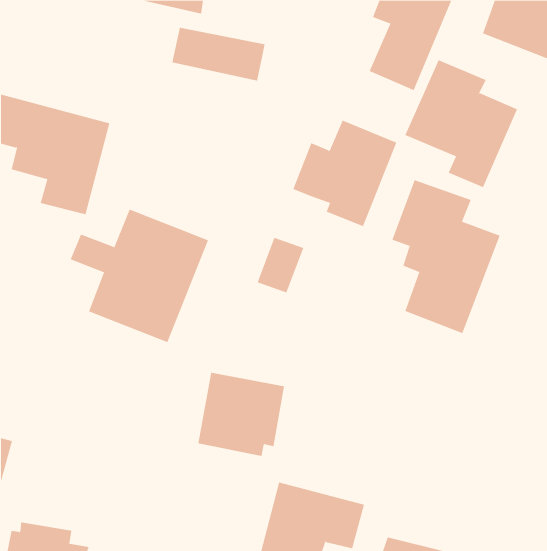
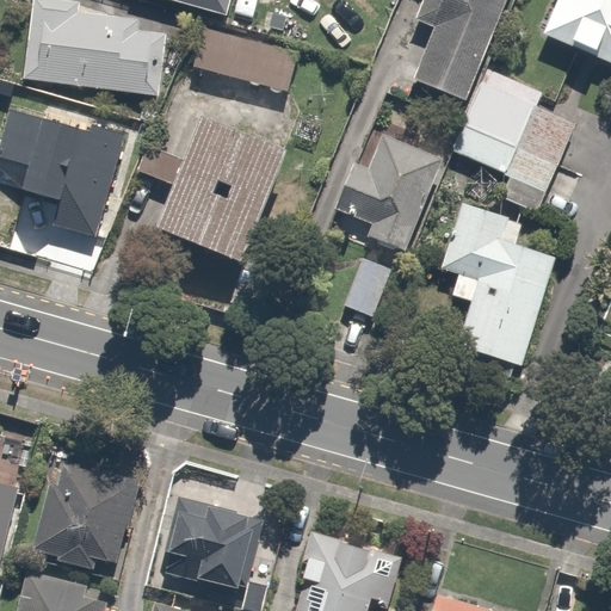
building: none -> [29,6,167,92]
building: [70,209,209,343] -> [132,112,286,260]
building: [257,237,304,293] -> [341,257,394,319]
building: [198,372,285,456] -> [162,498,259,591]
building: none -> [29,462,135,572]

